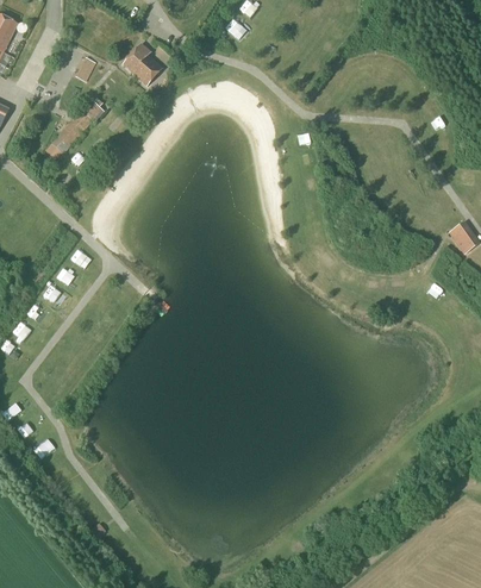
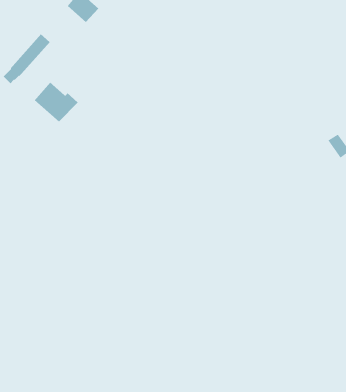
building: none -> [34,82,78,123]

